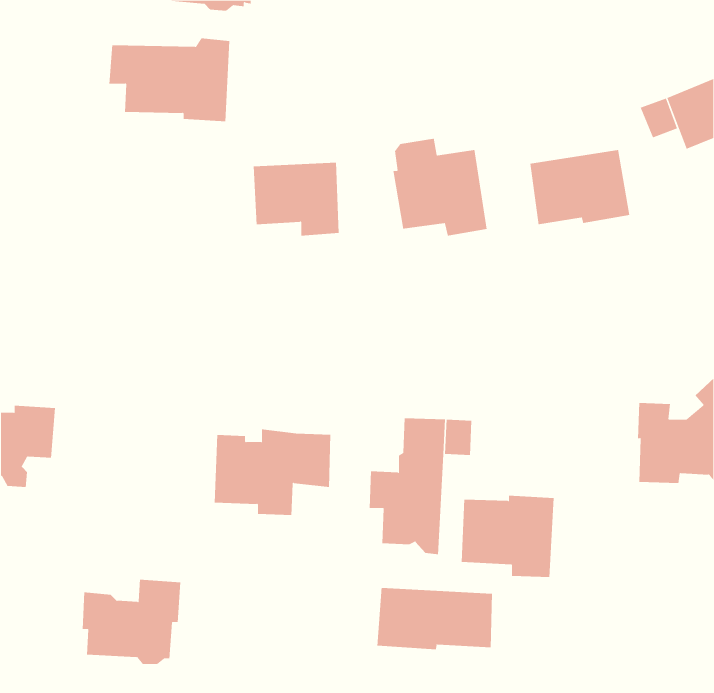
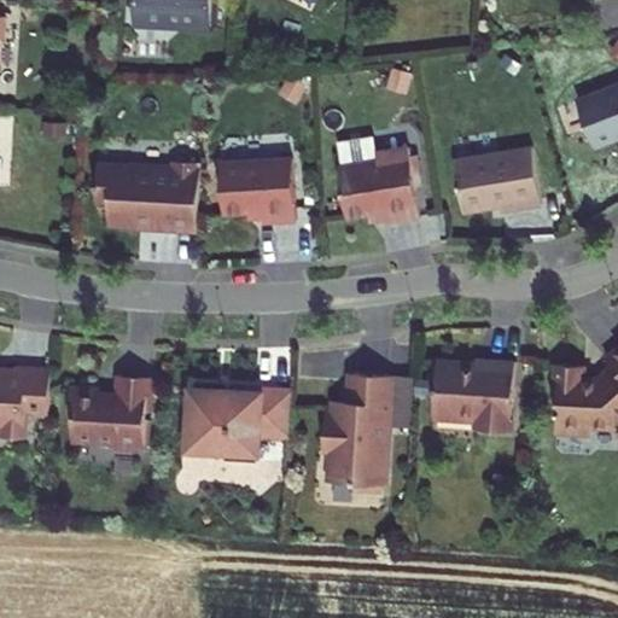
building: [109,38,230,122] -> [93,159,198,232]
building: [461,495,554,577] -> [430,360,511,431]
building: [82,579,181,665] -> [65,377,151,450]
building: [377,587,493,650] -> none

